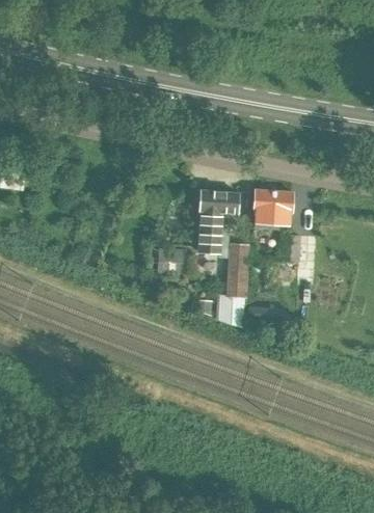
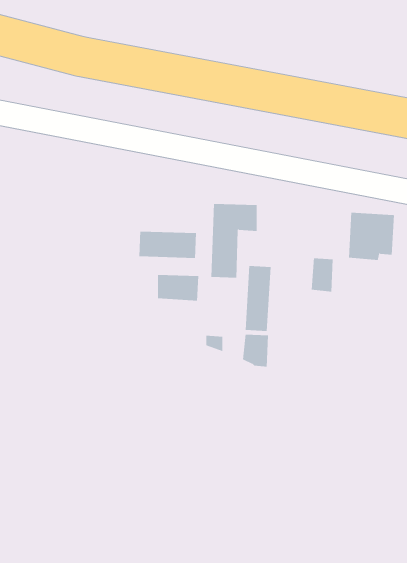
building: [253,189,292,228] -> [348,212,395,260]
building: none -> [139,231,196,259]

